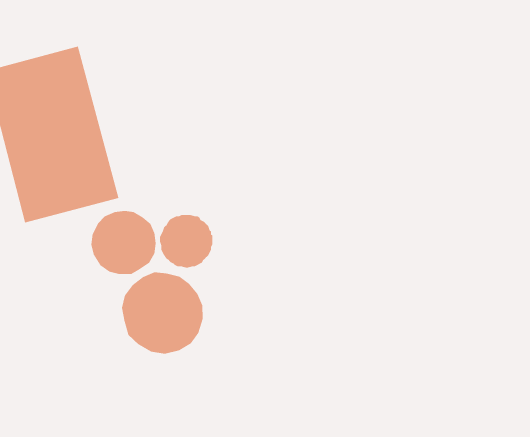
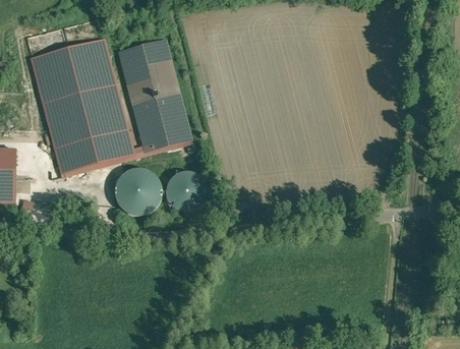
building: none -> [118,39,189,149]
building: [121,272,204,354] -> none

